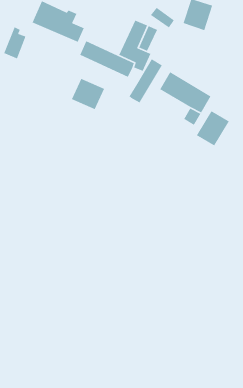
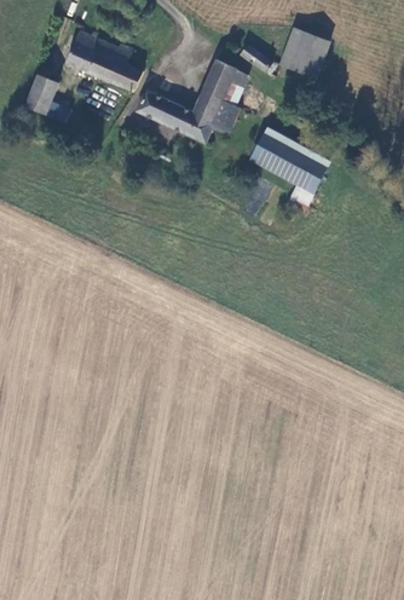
building: [129,58,163,103] -> none
building: [71,78,105,110] -> none
building: [196,110,230,146] -> none

